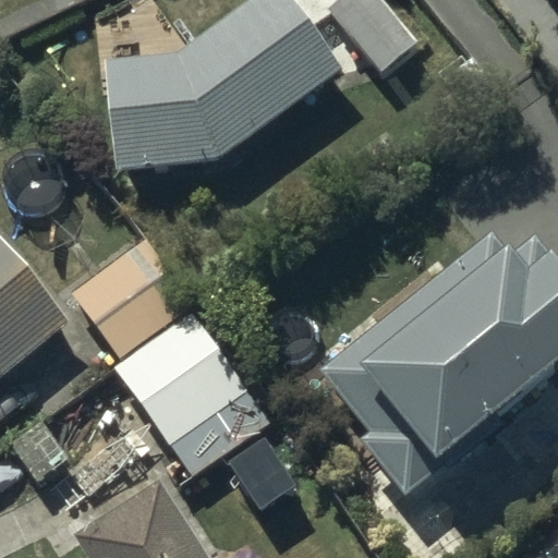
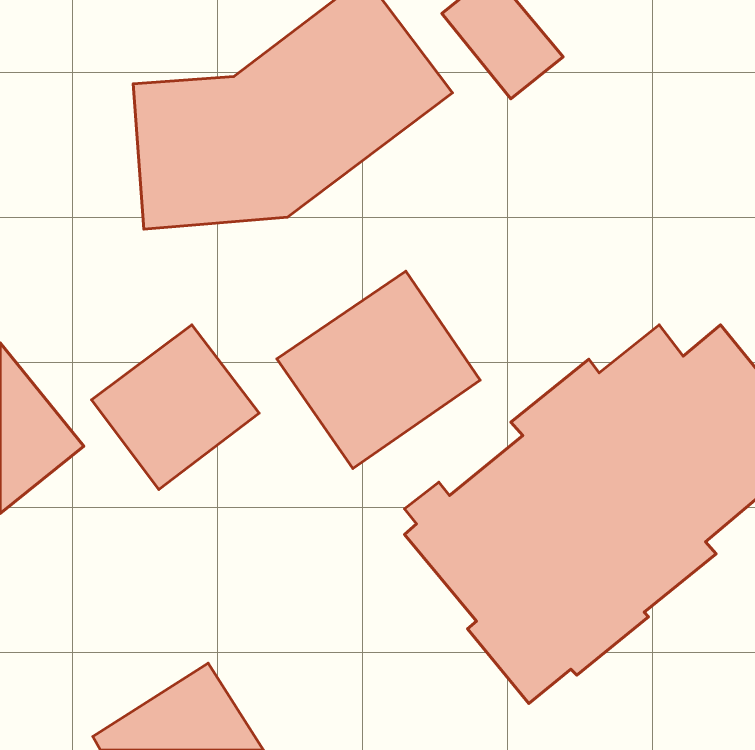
building: none -> [277,271,480,469]
building: [116,310,270,469] -> none

